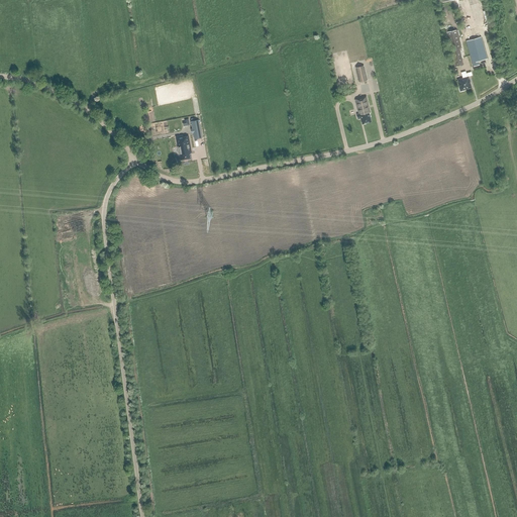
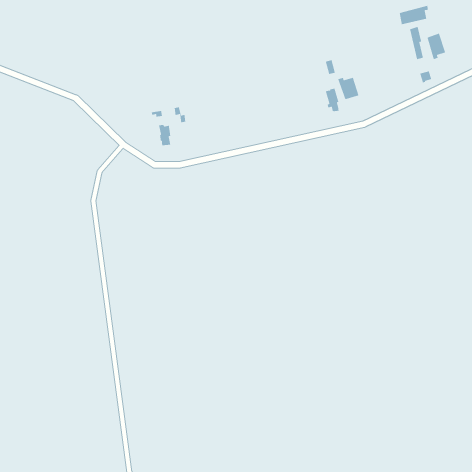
building: none -> [399,5,429,25]
building: none -> [337,77,360,100]

